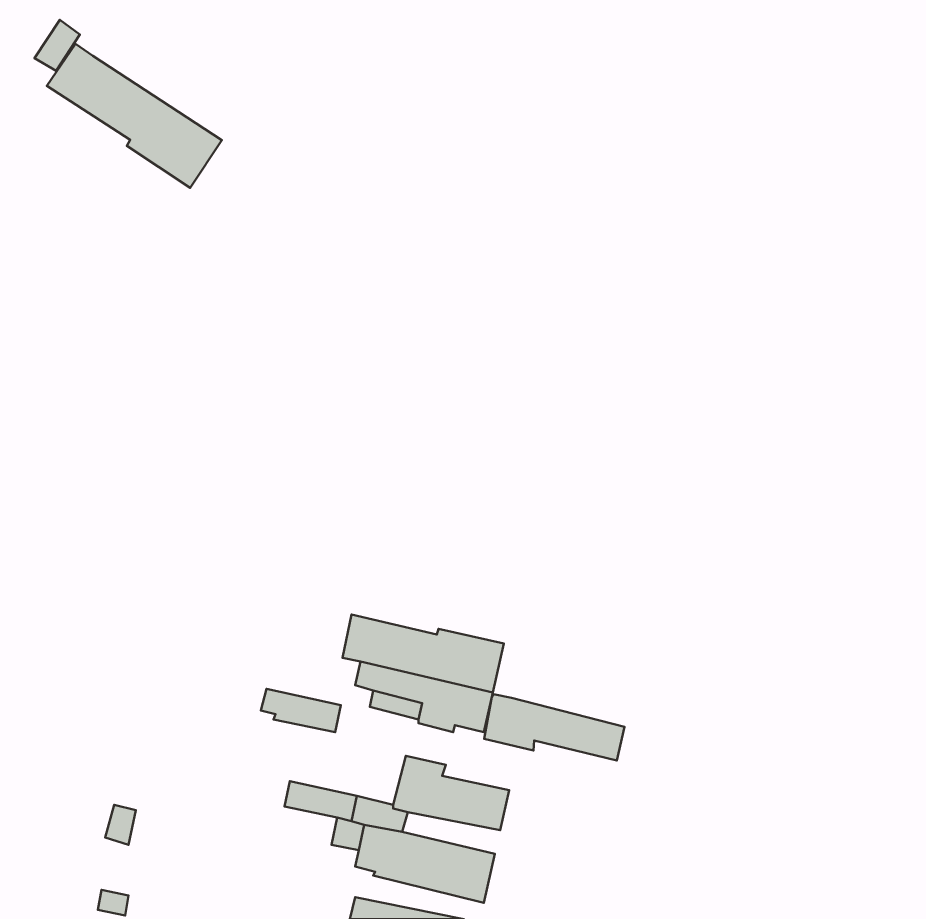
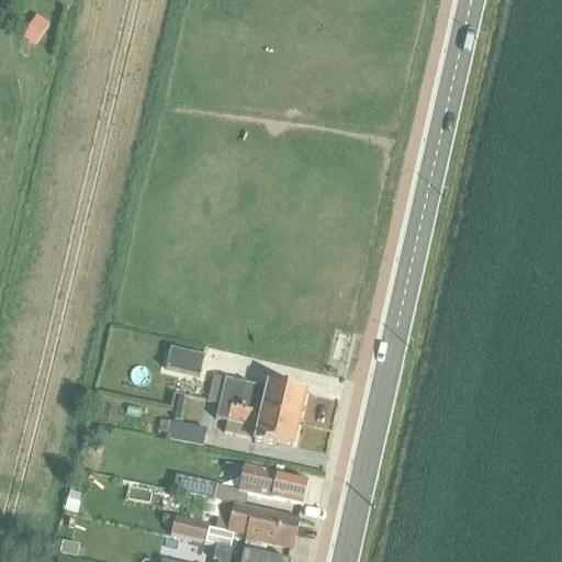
building: [47,44,222,188] -> none
building: none -> [166,345,204,374]
building: [484,694,625,761] -> none
building: none -> [170,513,209,540]

